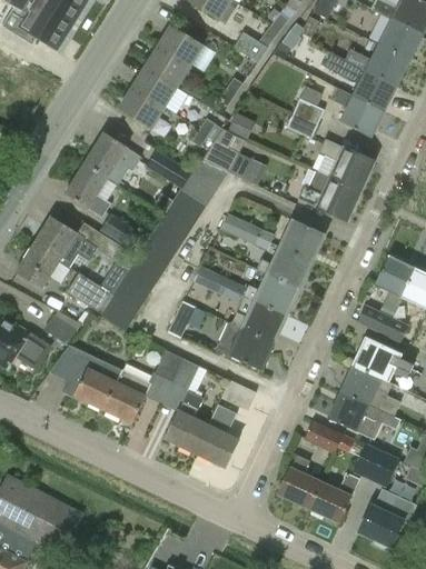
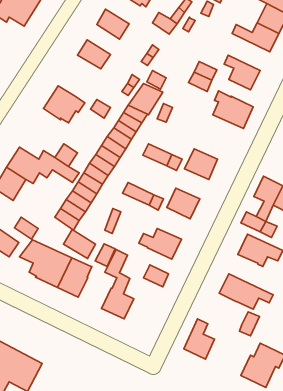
building: [143,48,188,89] -> none
building: [323,52,396,111] -> none
building: [118,90,162,130] -> none
building: [63,163,109,218] -> none
building: [298,172,359,221] -> none
building: [256,247,311,288] -> none
building: [66,271,110,311] -> [63,230,96,259]
building: [230,300,286,343] -> none
building: [339,365,400,417] -> none
building: [195,403,238,468] -> none
building: [304,419,344,453] -> none
building: [368,450,399,487] -> none
building: [307,471,358,523] -> none

